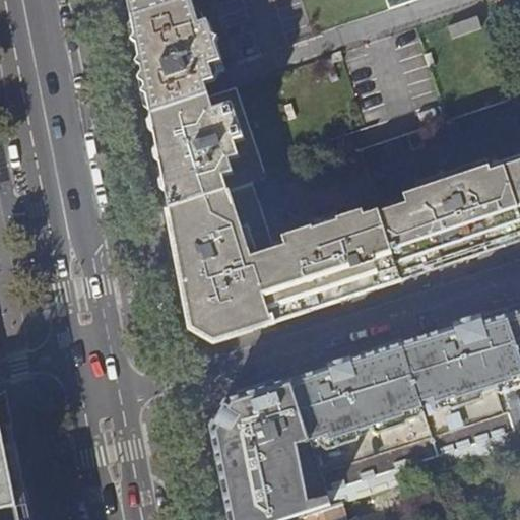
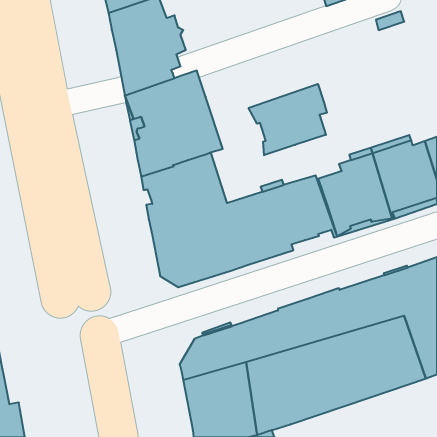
building: none -> [249,84,327,155]

